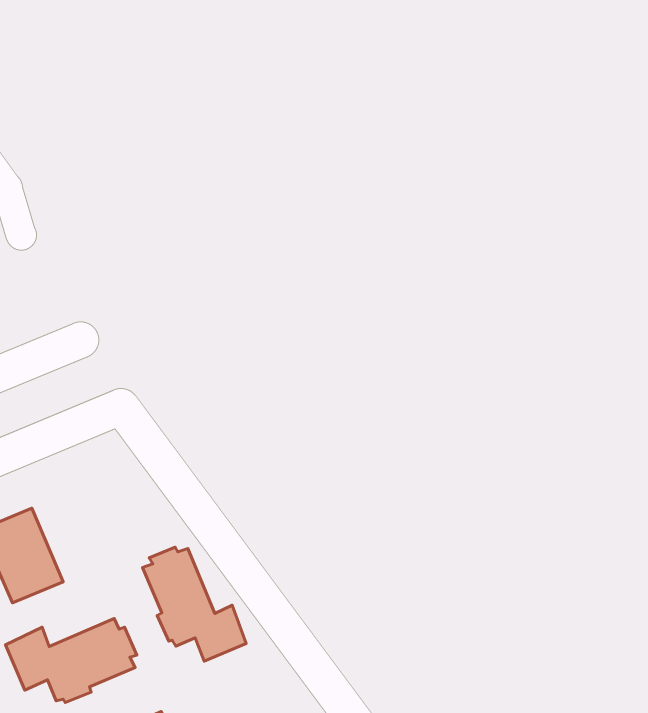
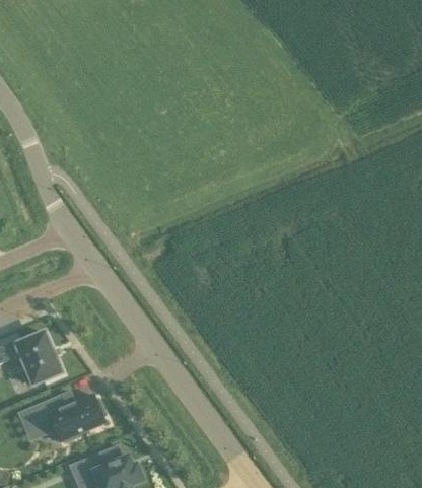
building: [142,547,246,661] -> none

